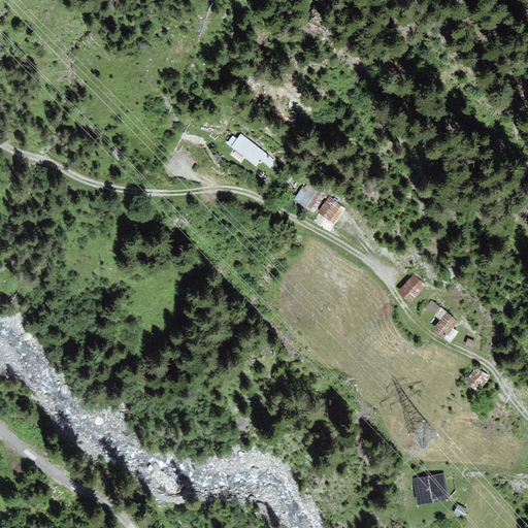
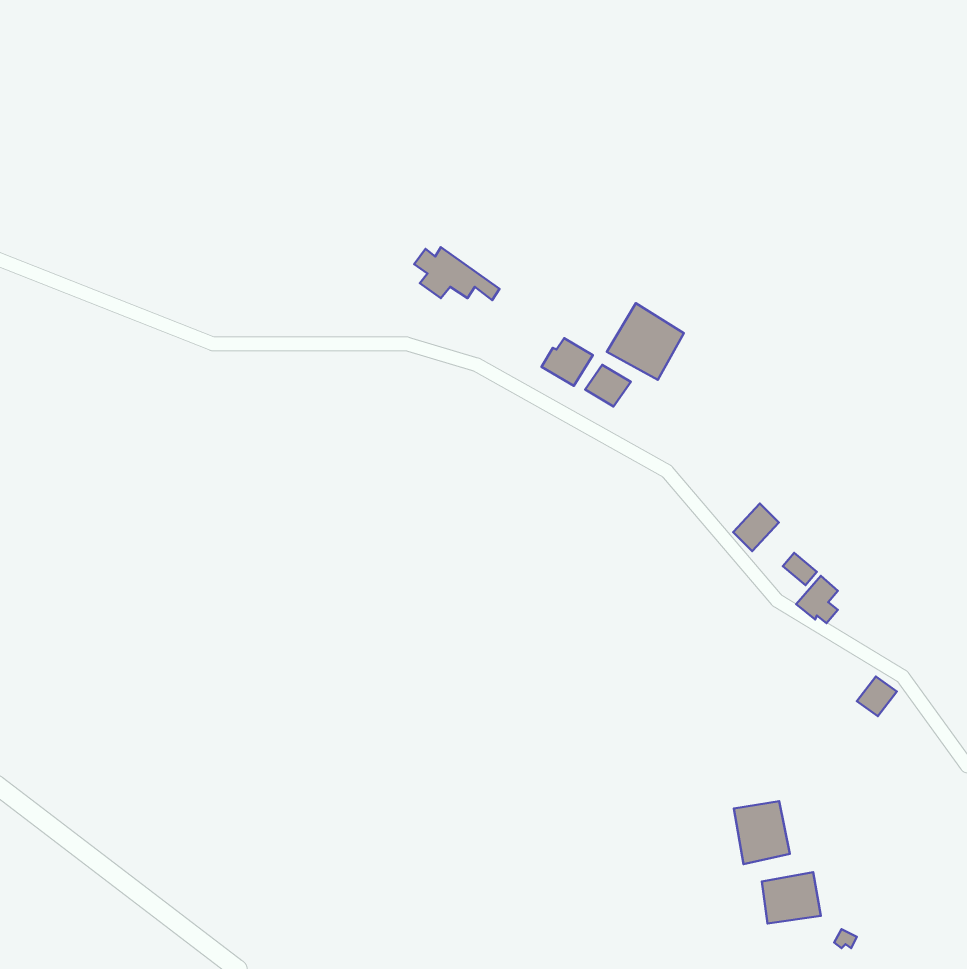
building: none -> [607,303,684,380]
building: none -> [734,801,790,864]

